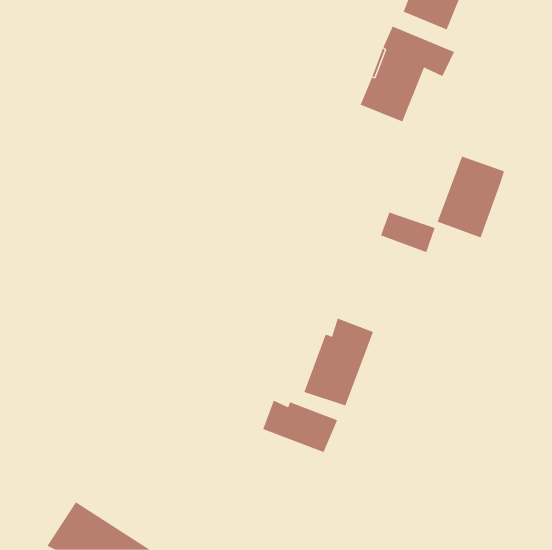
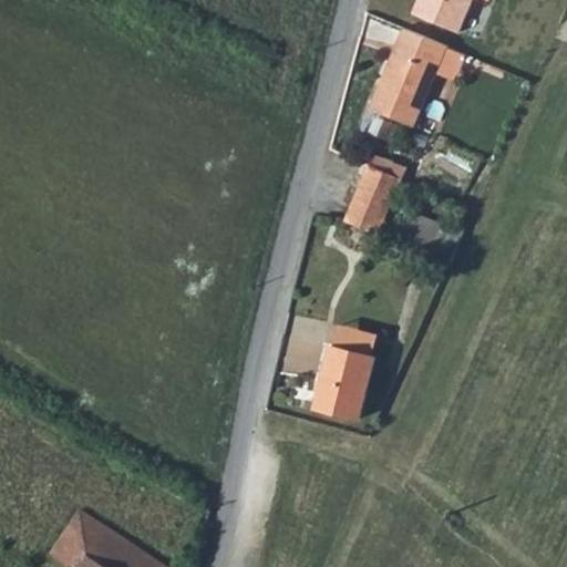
building: [437,156,505,238] -> [336,154,405,238]
building: [262,400,338,453] -> none

